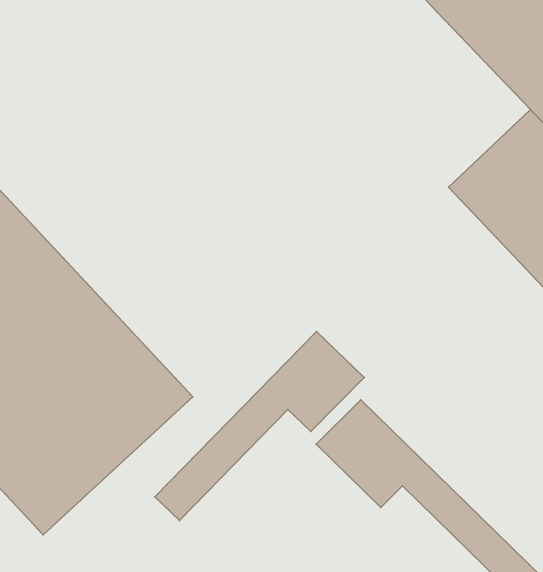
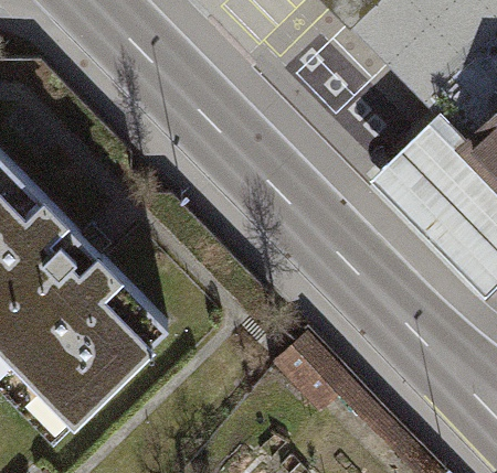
building: [155,332,364,520] -> none

